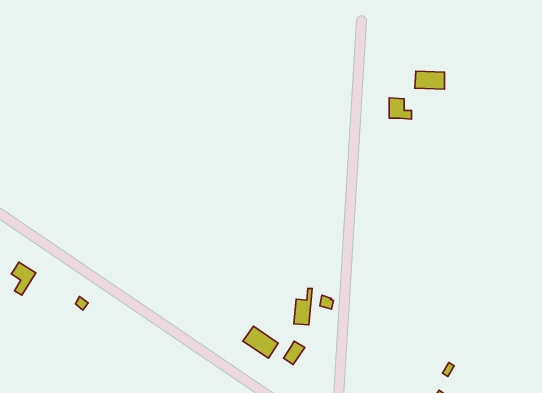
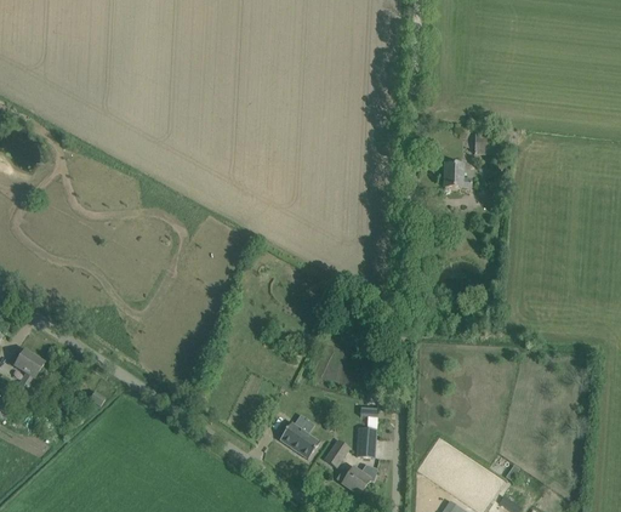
building: [294,289,312,325] -> [357,415,377,456]
building: none -> [337,463,377,493]

